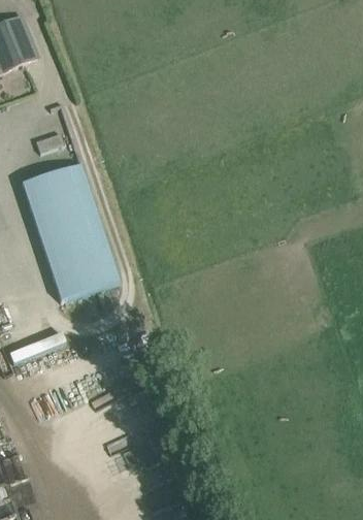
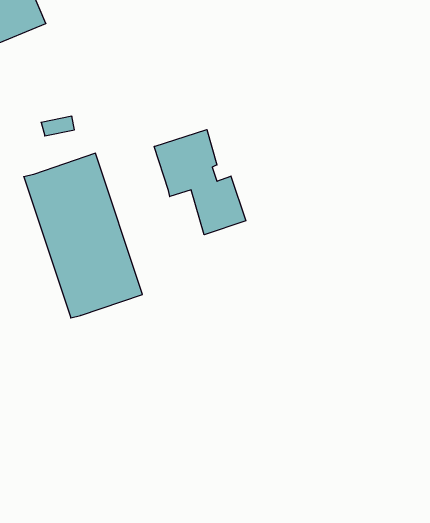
building: none -> [154,130,246,235]

